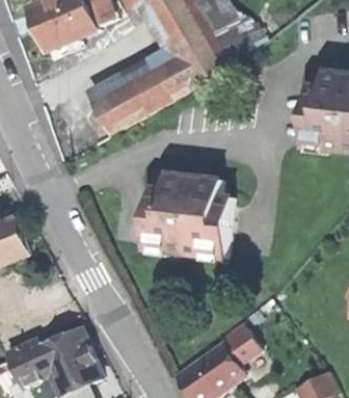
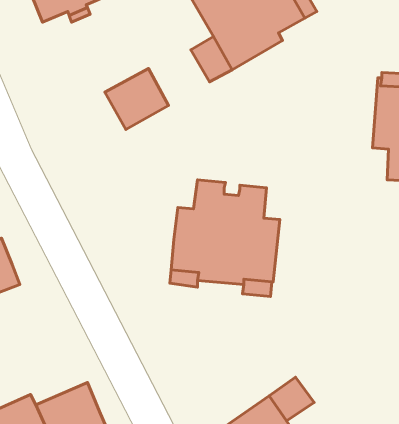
building: [127,67,174,113] -> none

